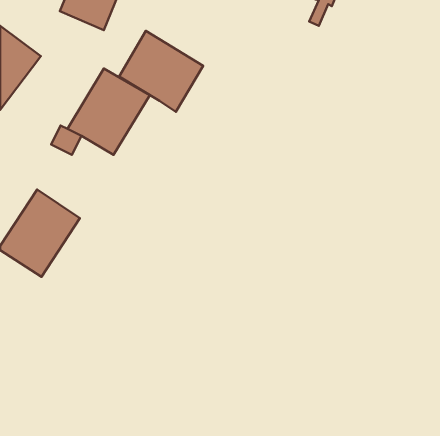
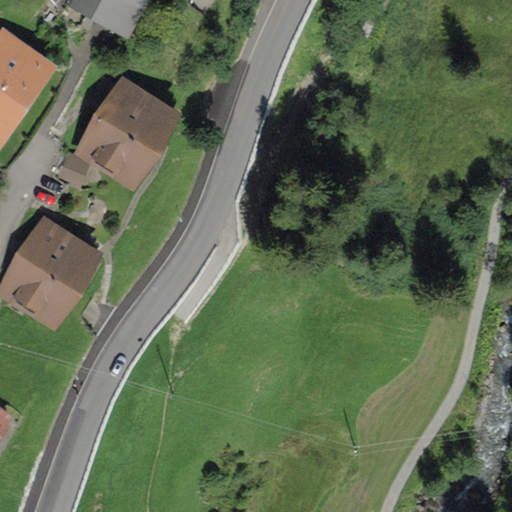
building: [119,31,203,112] -> none

